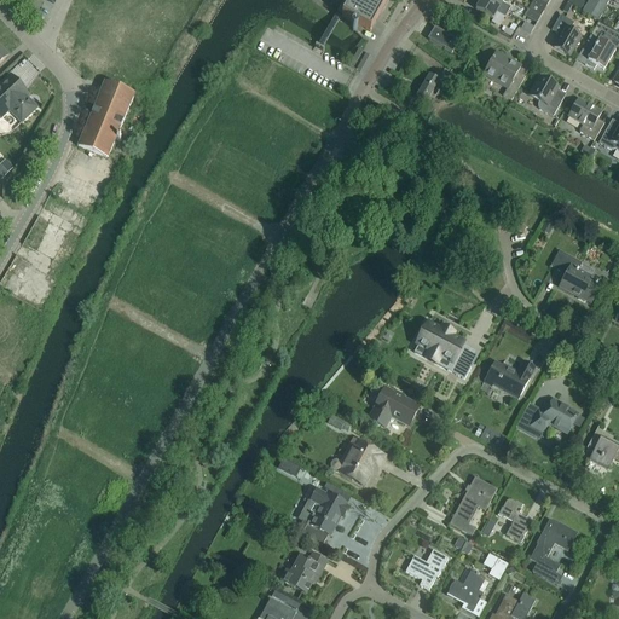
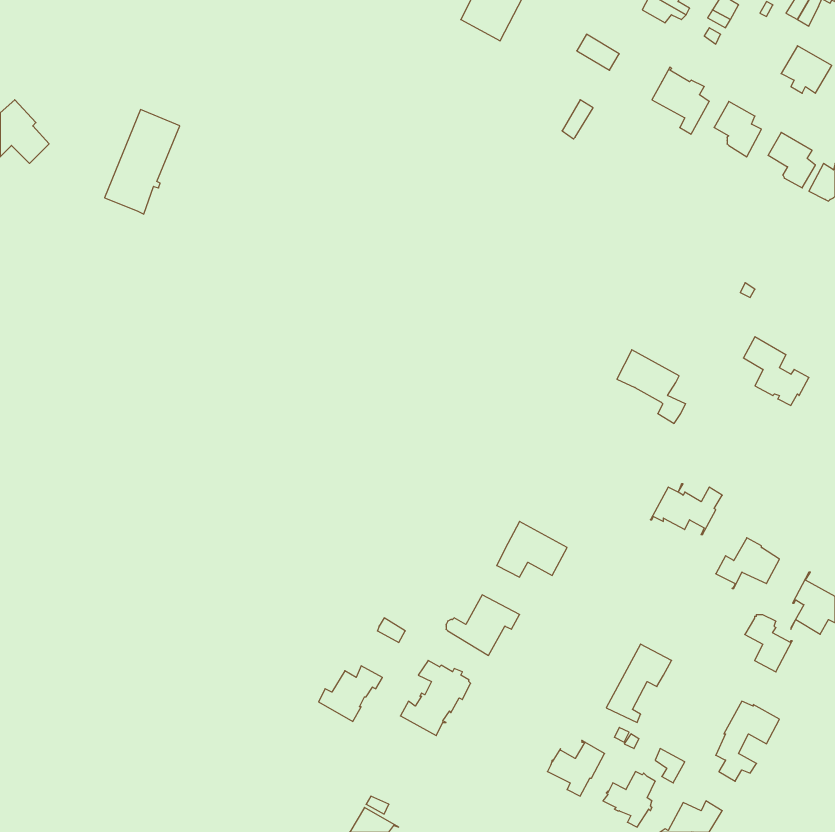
building: [551,13,580,57] -> none
building: [417,322,468,376] -> [617,350,686,423]
building: [498,499,533,542] -> [745,615,792,672]
building: [280,551,328,592] -> [319,666,382,721]

